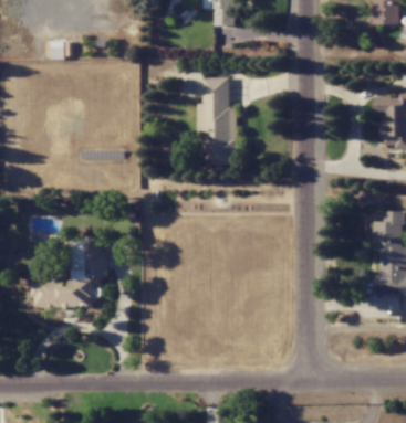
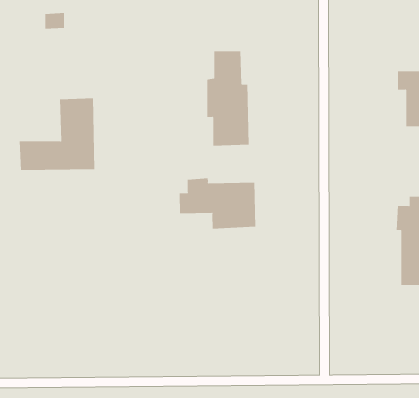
building: none -> [179,177,256,229]
building: [31,240,102,307] -> [19,98,95,171]

